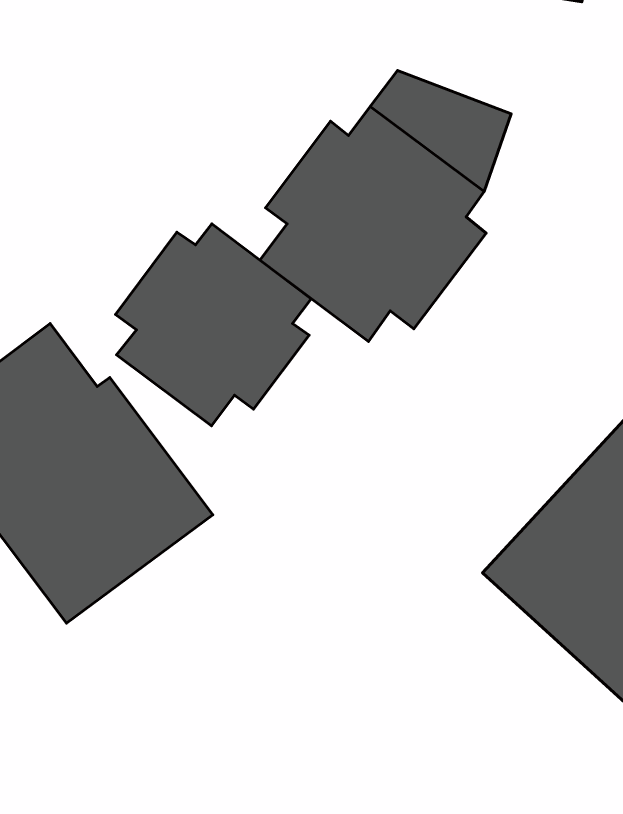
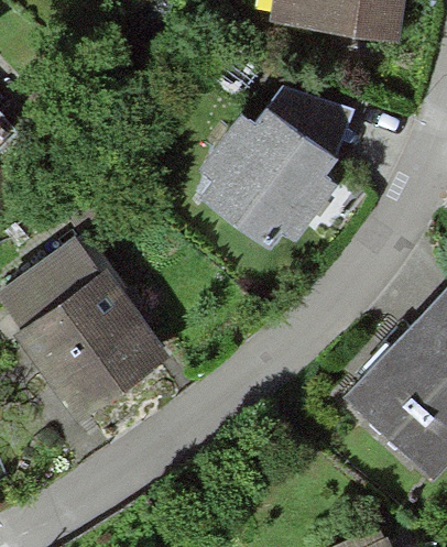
building: [116,224,311,426] -> none

